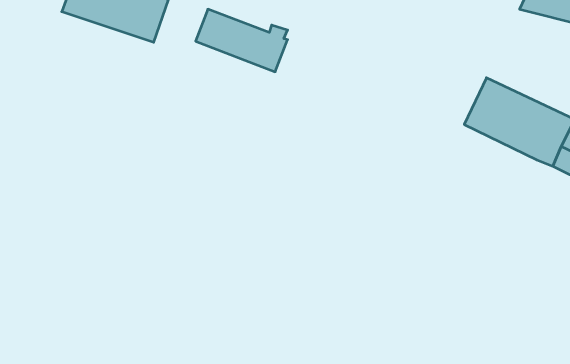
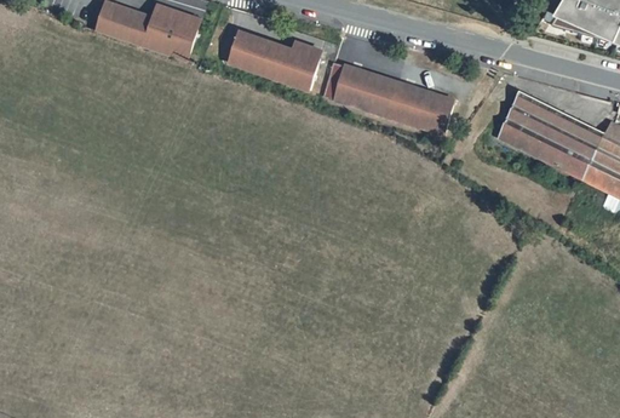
building: none -> [325,61,458,134]

